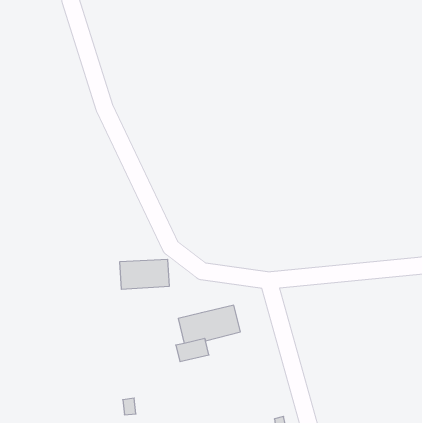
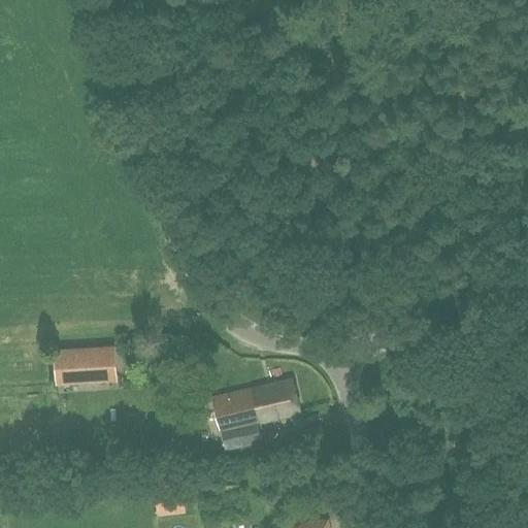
building: [120,259,169,289] -> [53,348,114,385]

